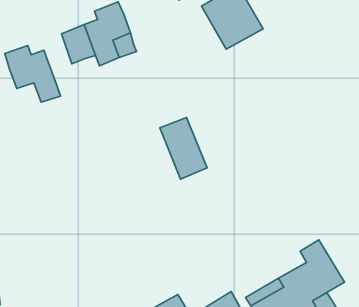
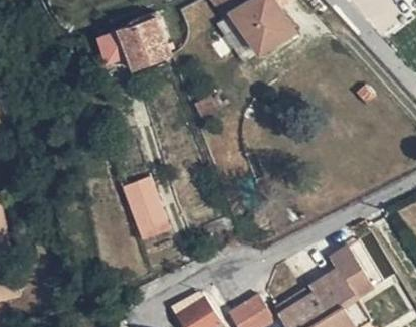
building: [5,45,61,102] -> none
building: [160,117,207,179] -> [123,181,169,241]

